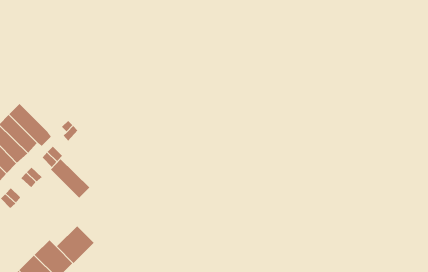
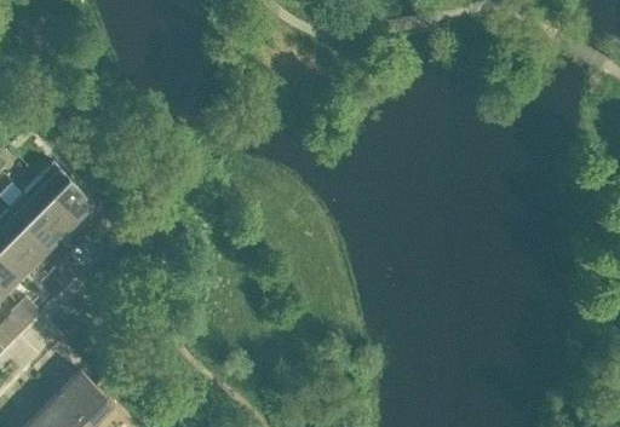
building: [50,159,90,199] -> [36,163,93,220]
building: [56,225,95,264] -> none

